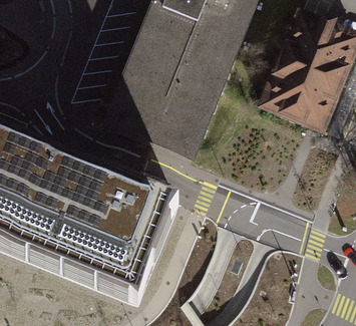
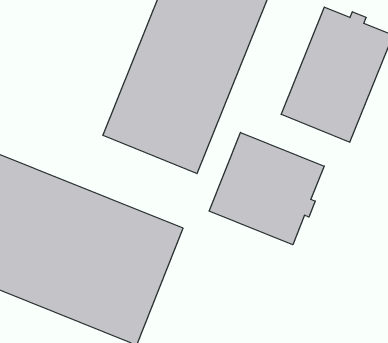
building: none -> [209,132,324,245]

